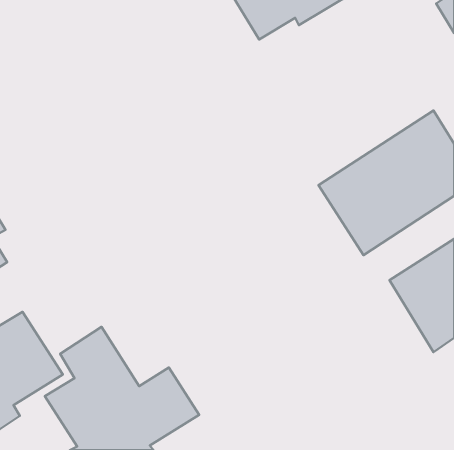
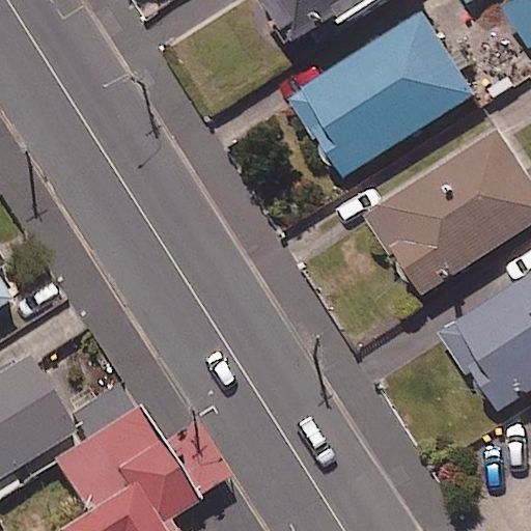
building: none -> [292,10,476,175]

